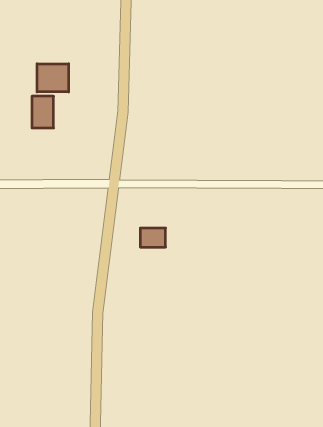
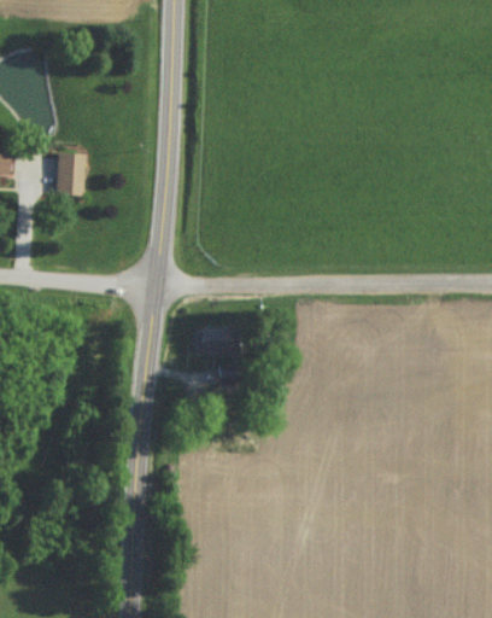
building: [37,64,69,92] -> none

